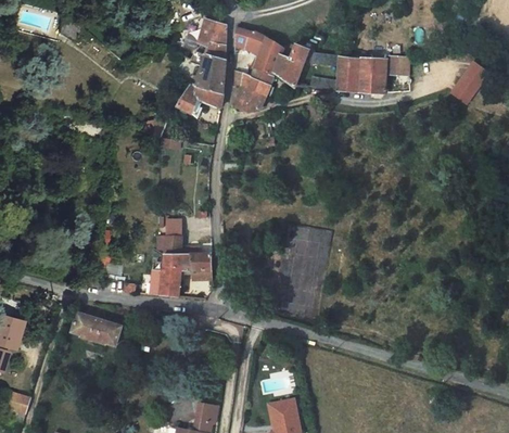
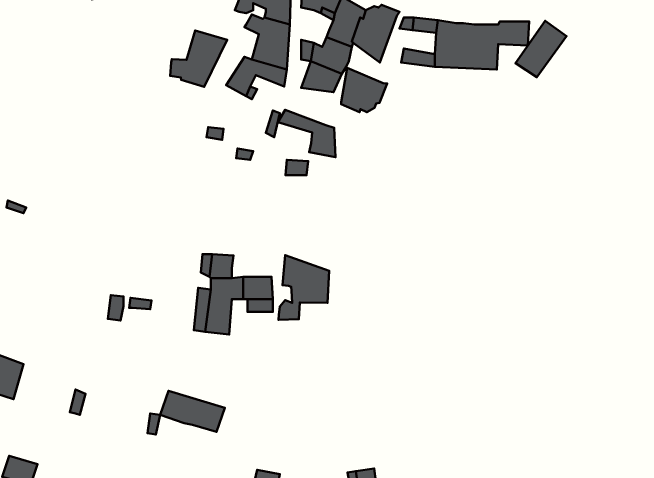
building: [450,61,489,104] -> [516,21,566,77]
building: none -> [170,30,227,87]
building: none -> [341,68,387,112]
building: none -> [278,110,335,157]
building: none -> [279,255,329,320]
building: [71,313,120,344] -> [160,391,225,432]

